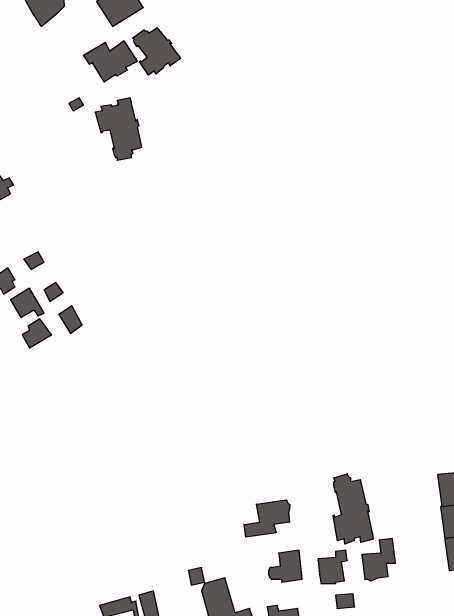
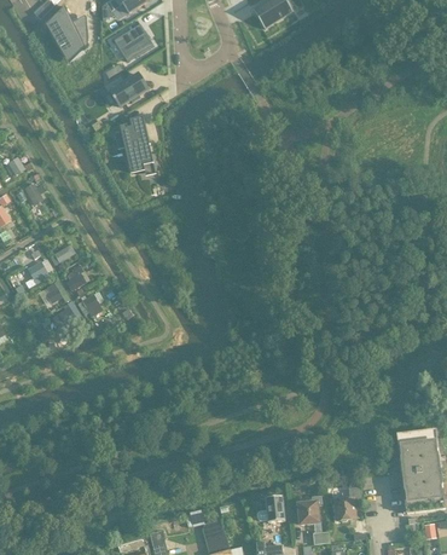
building: [133,28,181,75] -> none
building: [333,474,373,544] -> none
building: [244,500,290,537] -> none

